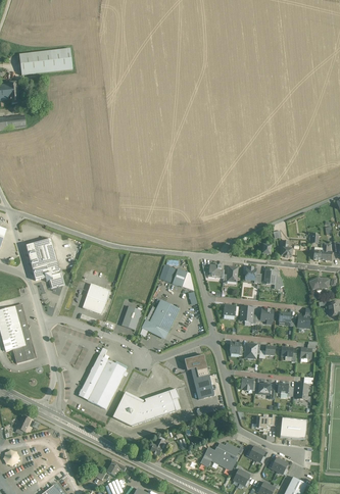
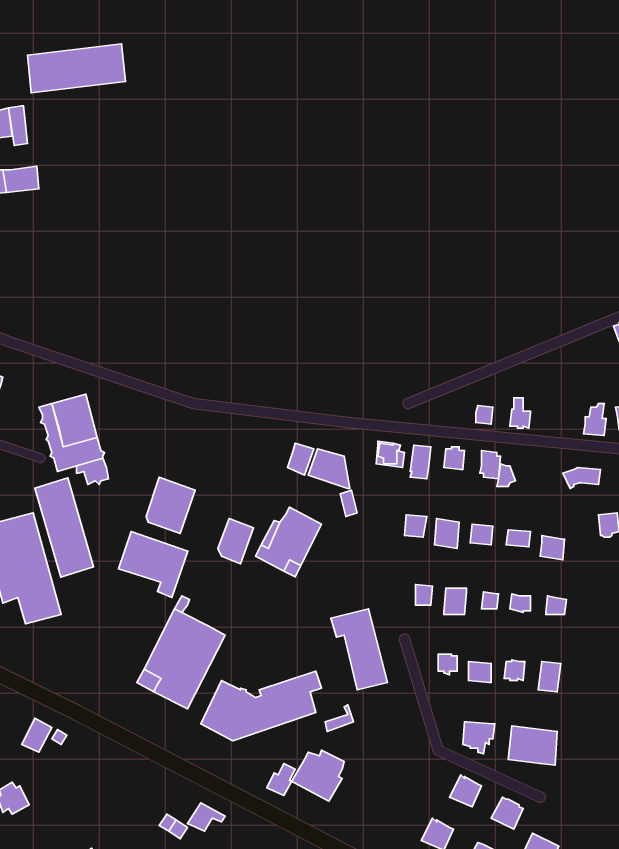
building: none -> [35,478,94,577]
building: none -> [119,532,188,598]
building: [209,442,238,470] -> [291,750,344,801]

